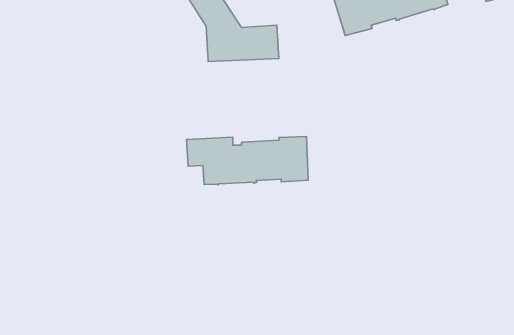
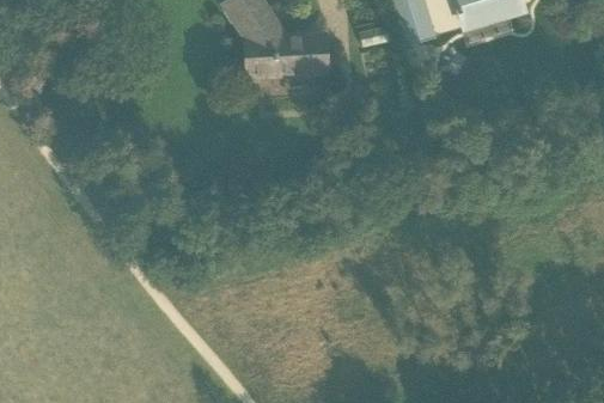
building: [187,137,308,185] -> none

